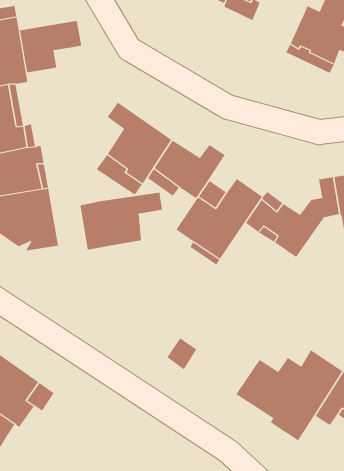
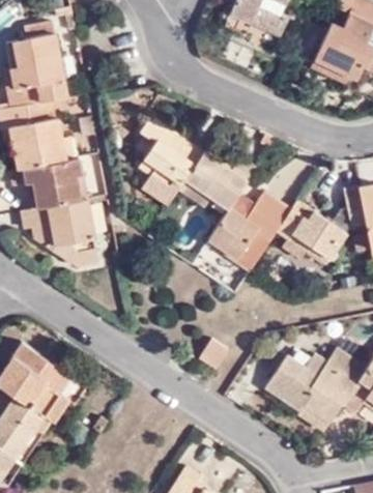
building: [20,20,82,73] -> none
building: [80,192,163,250] -> none

